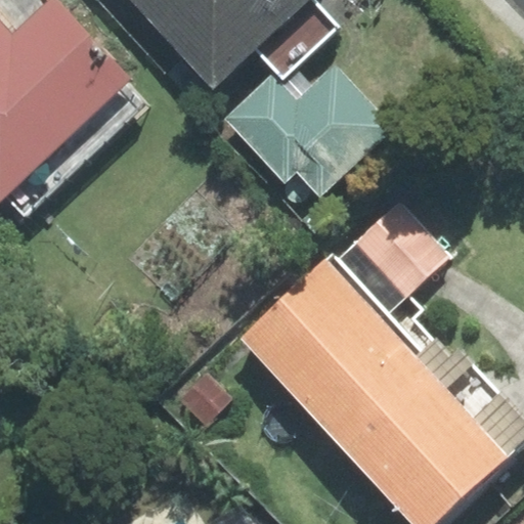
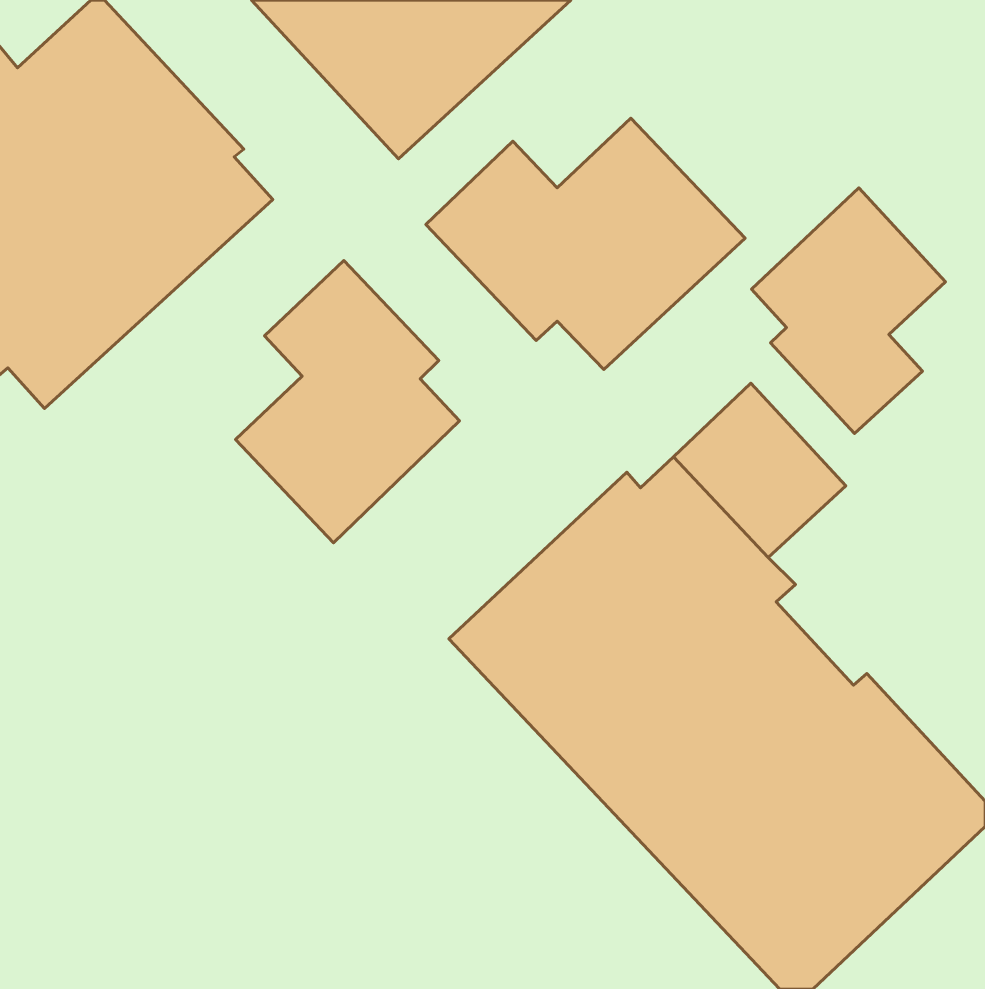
building: none -> [751,188,946,434]
building: none -> [236,261,460,543]

